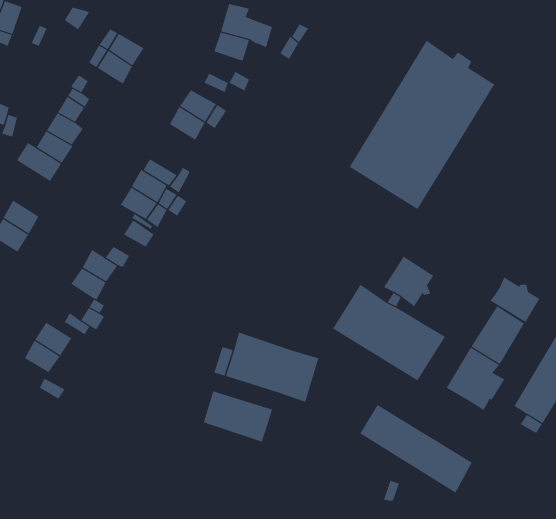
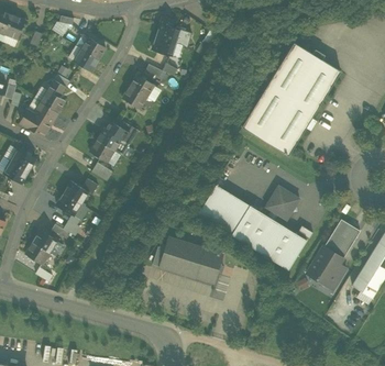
building: none -> [198,185,250,234]
building: [489,276,540,323] -> none
building: [203,390,273,442] -> none
building: [359,404,473,493] -> none

